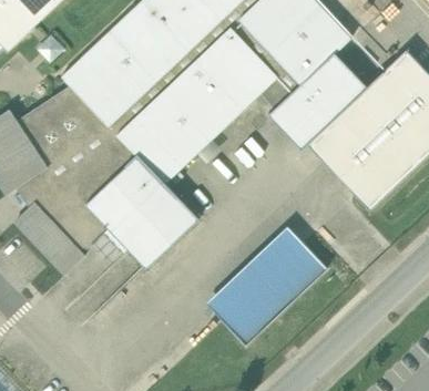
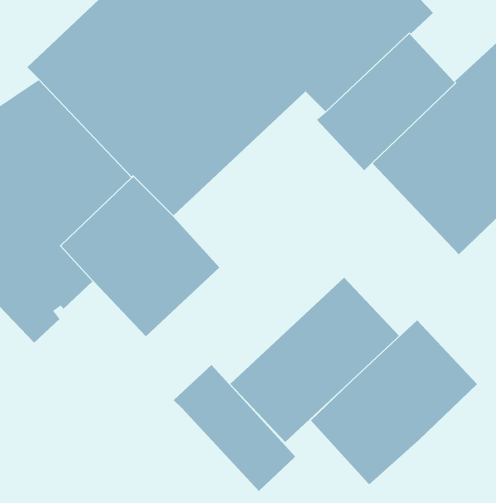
building: none -> [310,320,478,485]
building: none -> [173,364,296,492]

